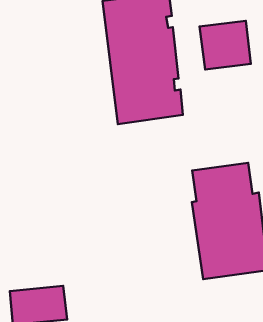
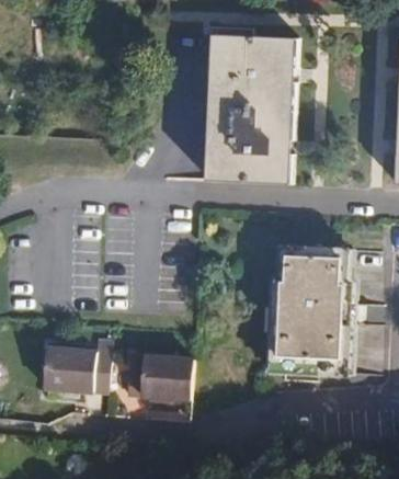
building: [200,21,251,70] -> none
building: none -> [127,354,192,399]

